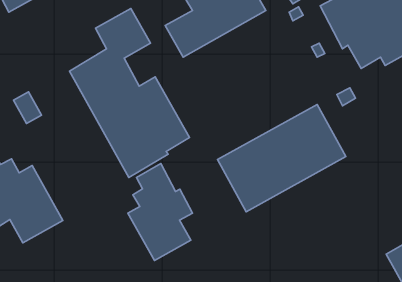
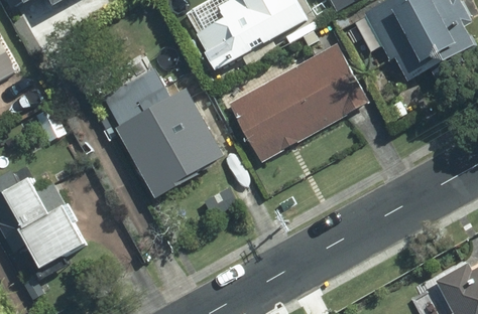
building: [217,104,346,212] -> [227,44,366,160]
building: [128,164,193,261] -> none

